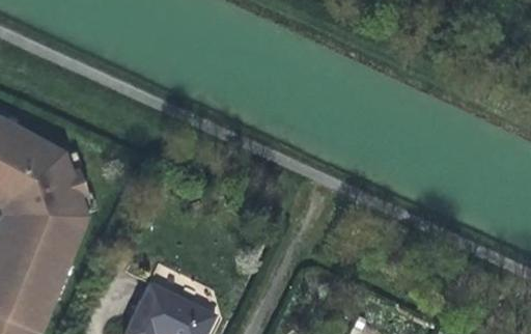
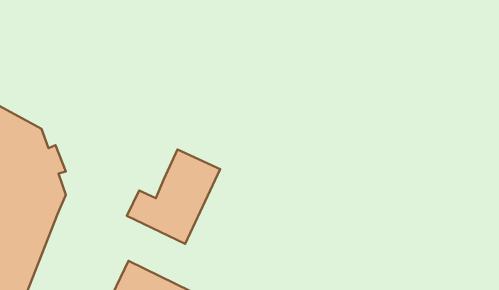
building: none -> [127,150,220,244]

